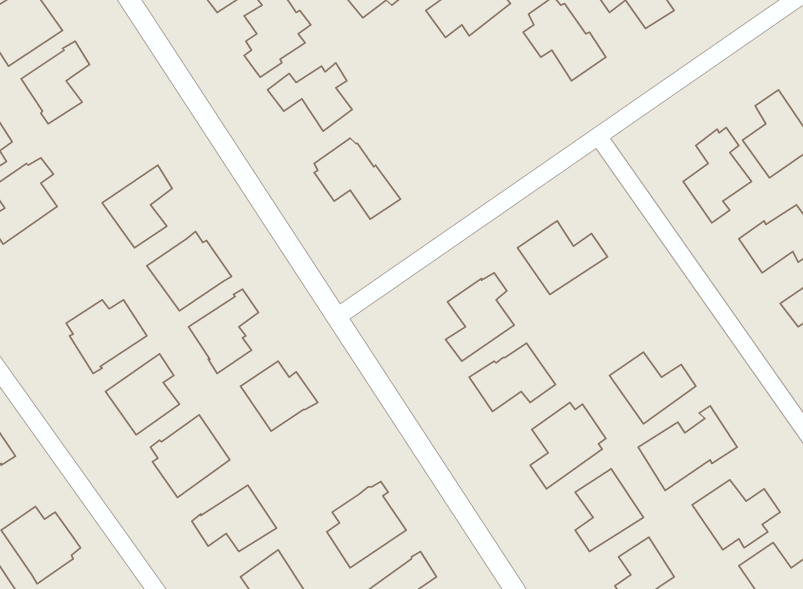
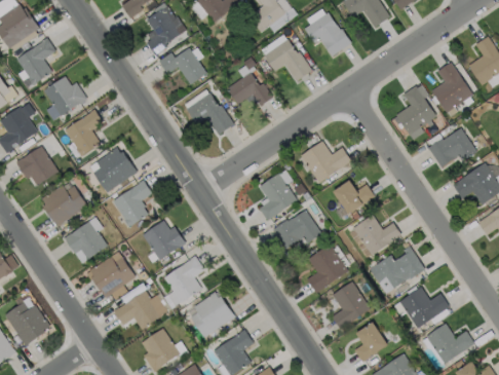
building: none -> [264,41,312,84]
building: none -> [227,59,273,109]
building: none -> [44,75,87,114]
building: none -> [16,145,59,184]
building: none -> [335,178,376,212]
building: none -> [164,255,205,305]

